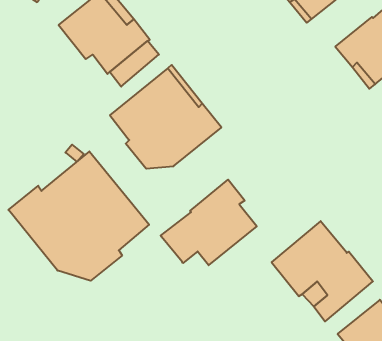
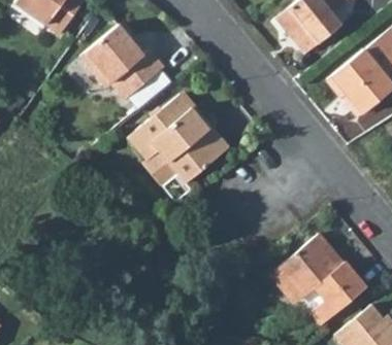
building: [8,151,149,281] -> none
building: [161,180,257,265] -> none

